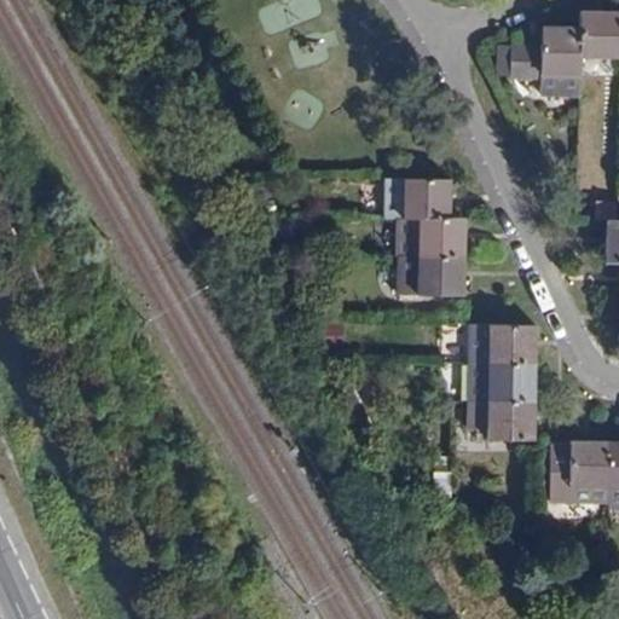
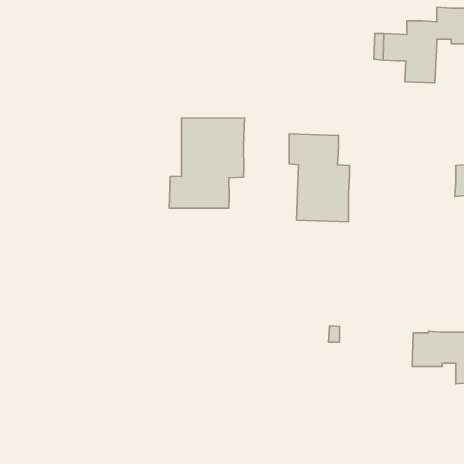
building: none -> [169,118,245,208]
building: [467,323,537,440] -> none

